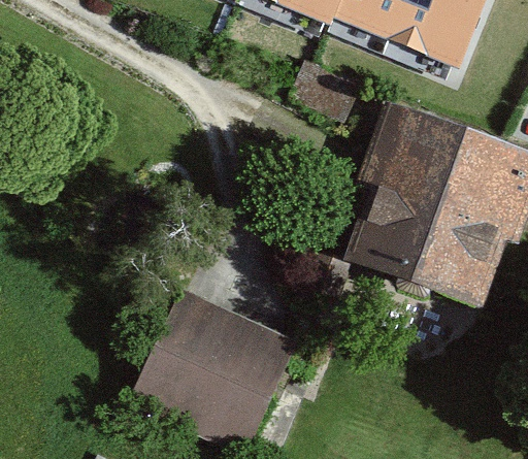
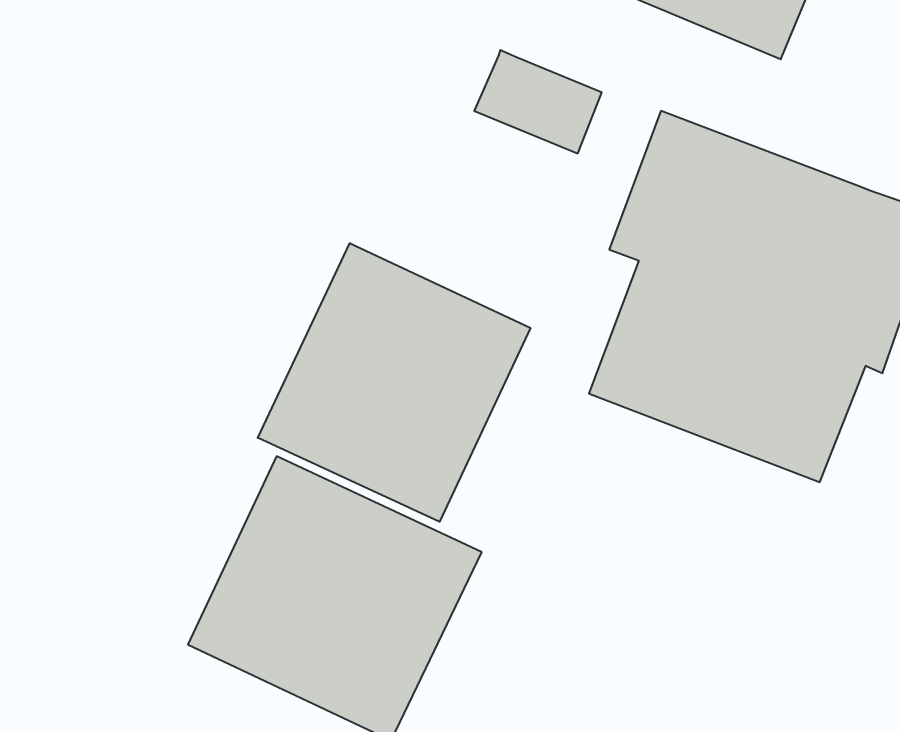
building: none -> [258,243,530,522]

